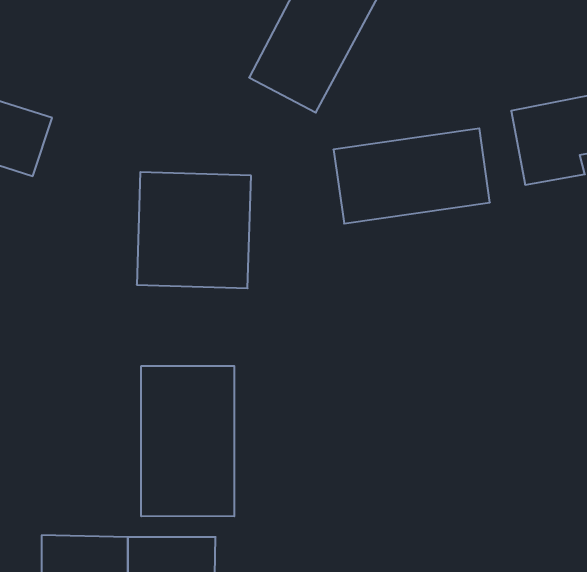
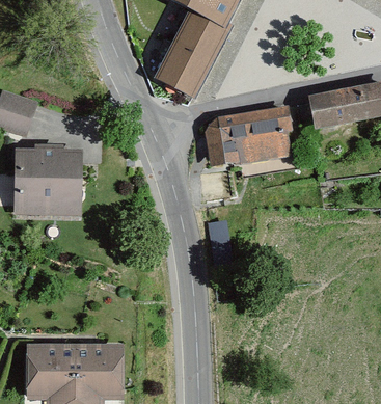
building: [137,172,251,288] -> [13,145,81,214]
building: [141,366,234,516] -> none

